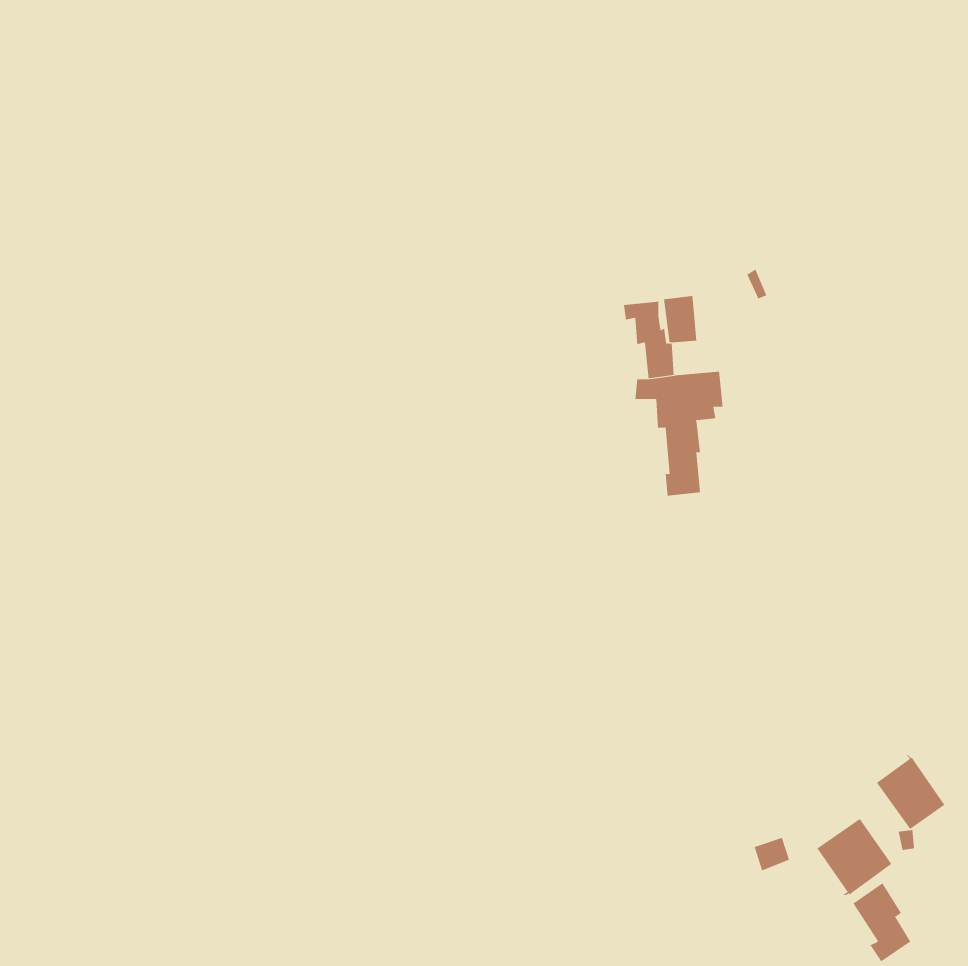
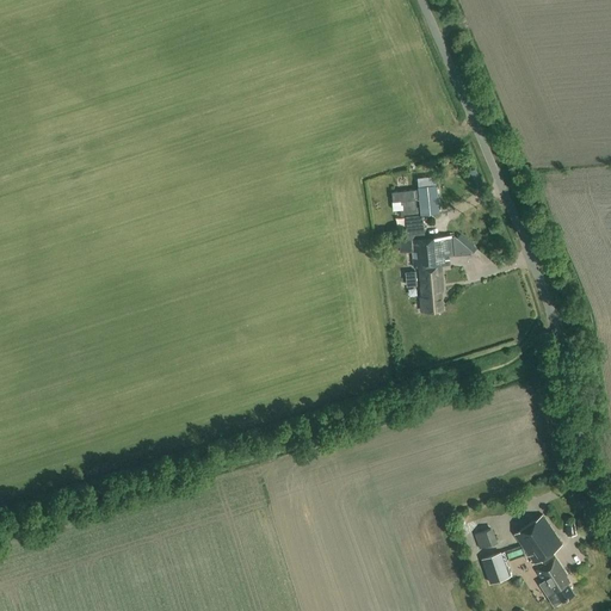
building: [876,754,945,830] -> none
building: none -> [482,553,512,584]

